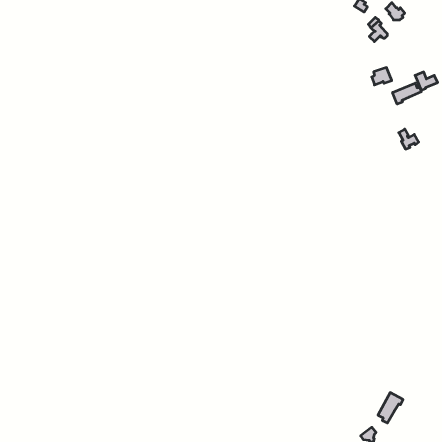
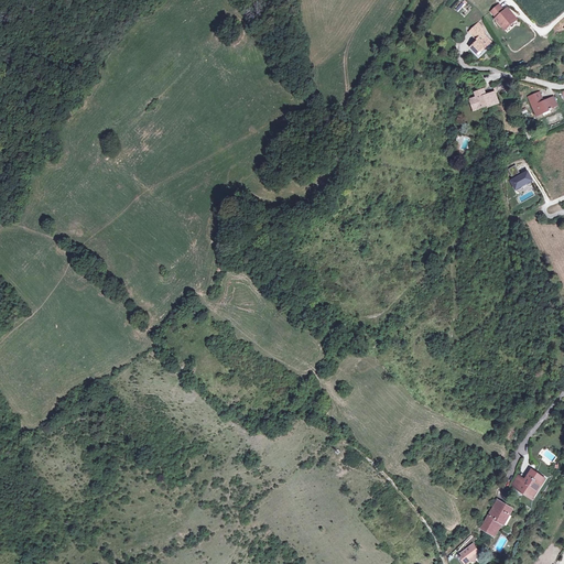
building: [393,83,421,104] -> none
building: none -> [509,469,544,496]

